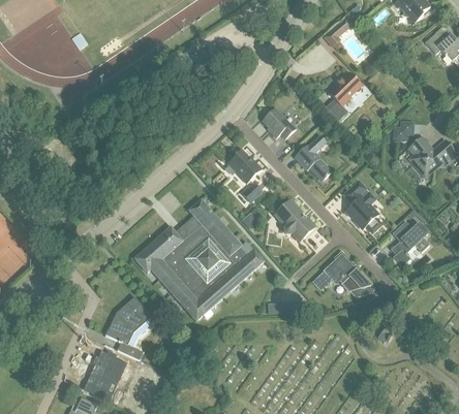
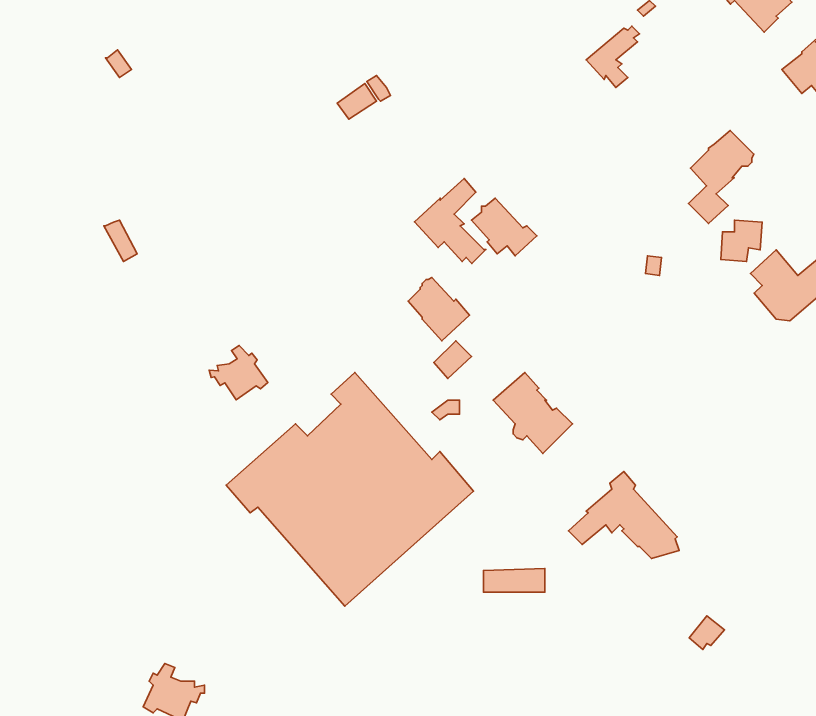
building: [327,72,361,121] -> [689,130,754,223]
building: [294,134,331,179] -> [415,178,486,263]
building: [344,181,379,230] -> none
building: none -> [209,346,268,400]
building: [390,221,428,266] -> none
building: [105,296,151,359] -> none

